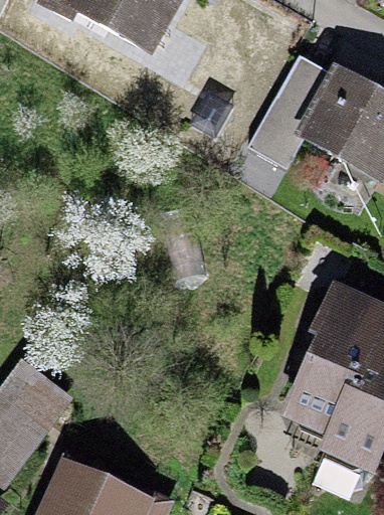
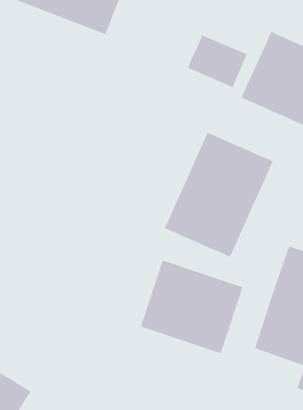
building: none -> [164,132,274,258]
building: none -> [140,259,244,354]

